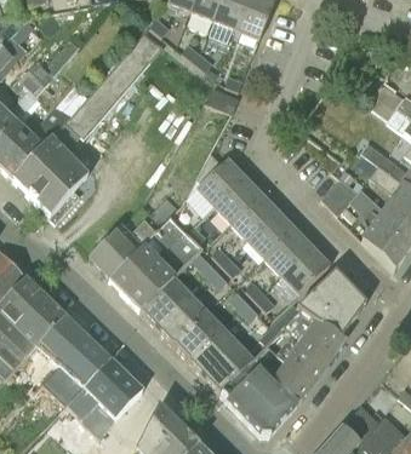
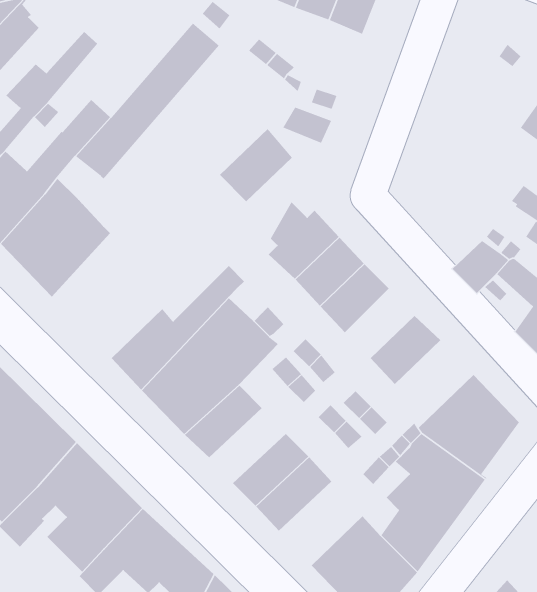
building: none -> [219,128,293,202]
building: [247,211,295,258] -> none
building: [281,246,330,293] -> none
building: [155,292,207,343] -> none
building: [202,341,255,393] -> none

